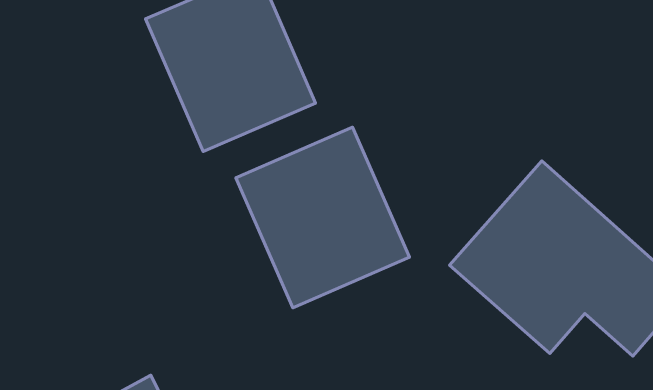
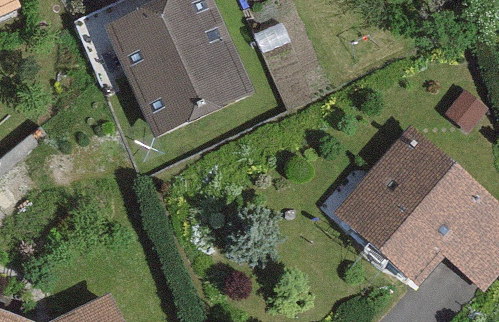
building: [236,127,410,308] -> none

